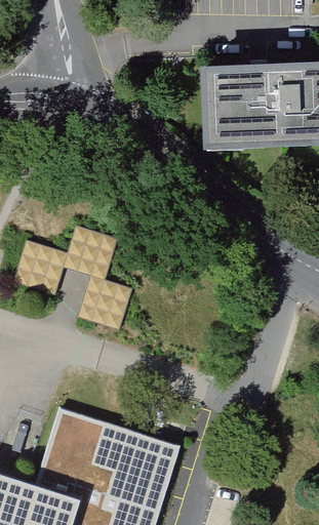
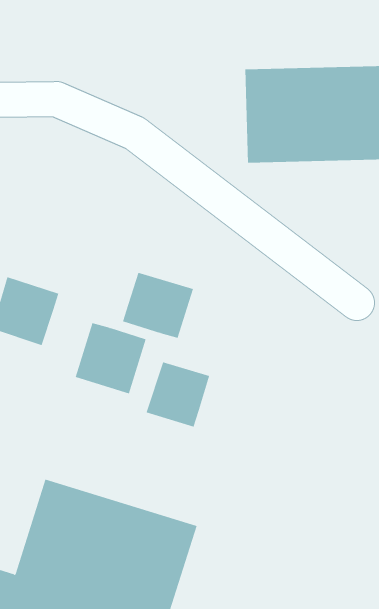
building: [63,231,119,283] -> [122,272,194,339]
building: none -> [146,362,210,428]

